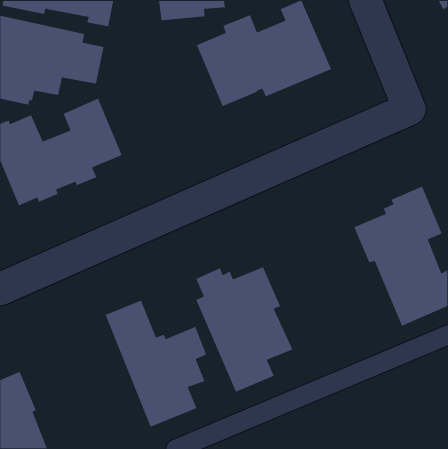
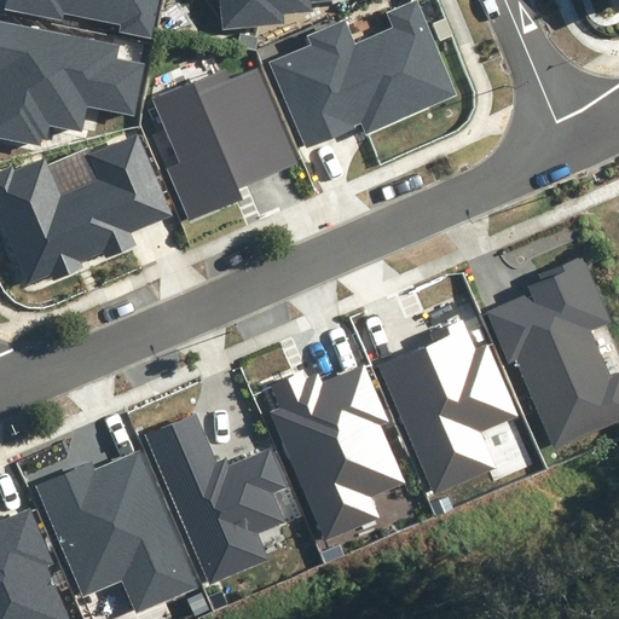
building: none -> [150,69,296,220]
building: none -> [377,320,516,497]
building: none -> [35,451,197,613]

